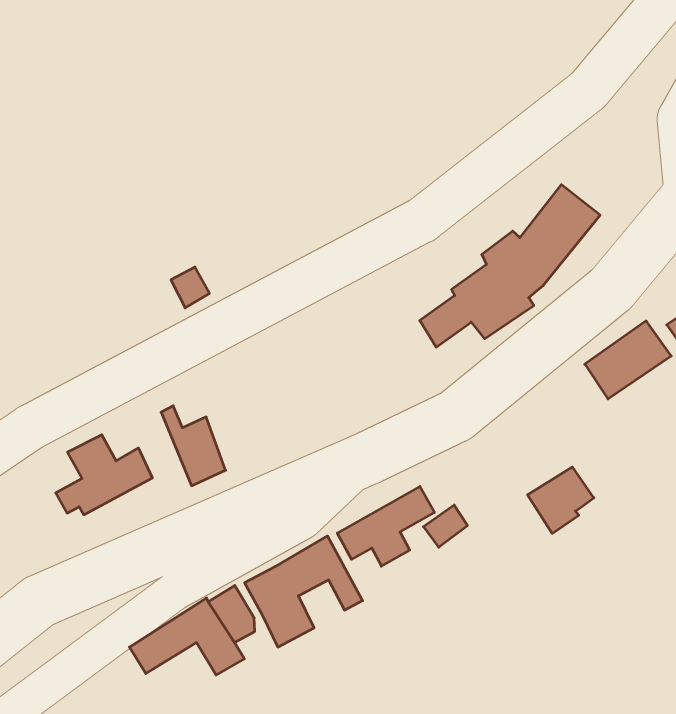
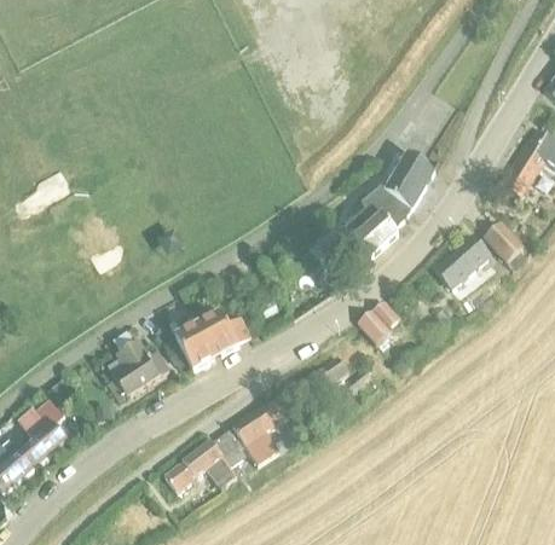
building: none -> [198,311,252,355]
building: [528,467,594,533] -> [358,300,400,343]

